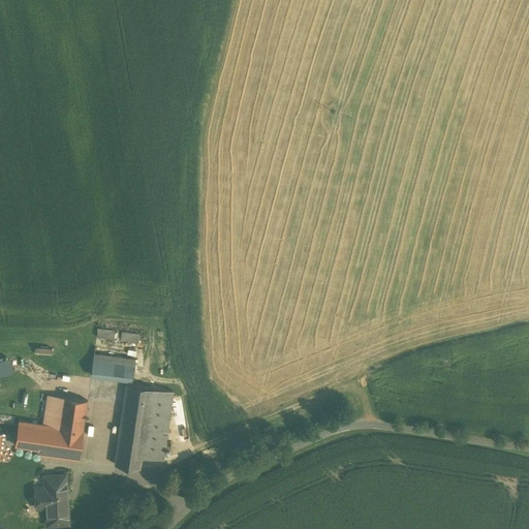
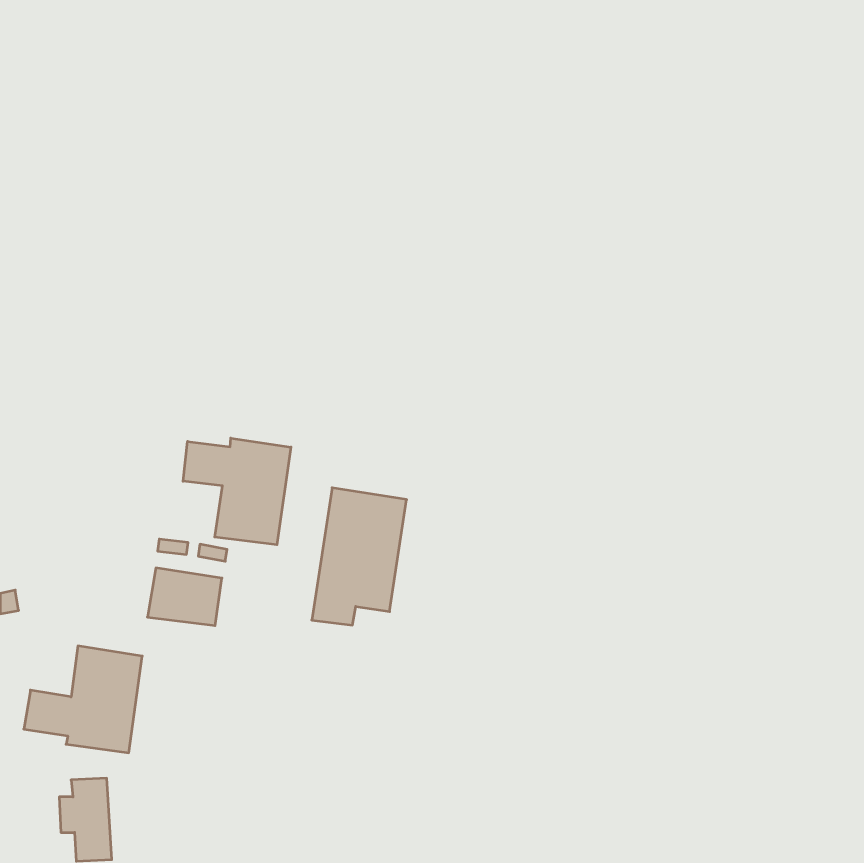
building: none -> [183,438,291,545]
building: [116,385,174,469] -> [312,488,407,625]

